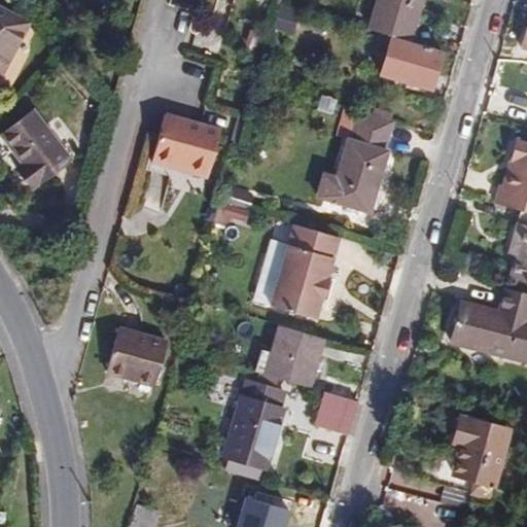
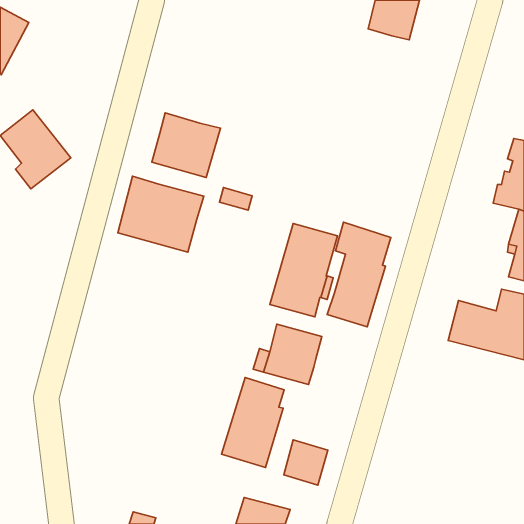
building: [383,36,443,89] -> none
building: [329,107,393,212] -> [327,222,391,327]
building: none -> [118,176,204,252]
building: [106,326,168,386] -> none
building: [314,390,358,435] -> [284,440,328,485]
building: [450,416,507,485] -> none

